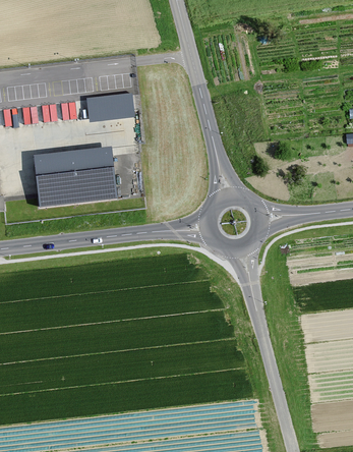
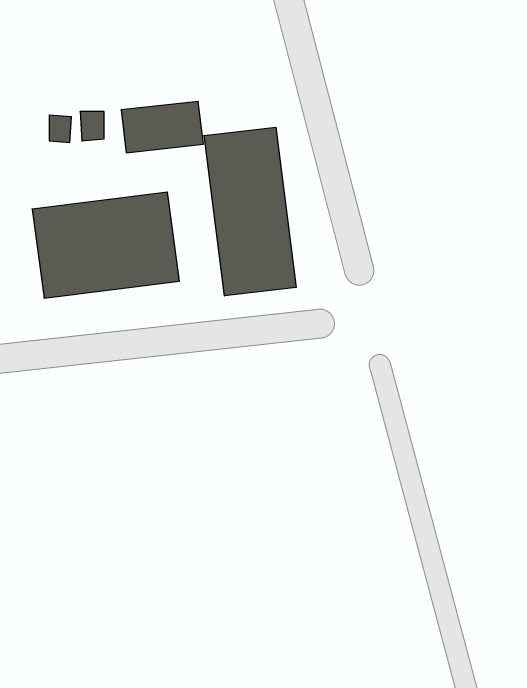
building: none -> [204,127,296,296]

